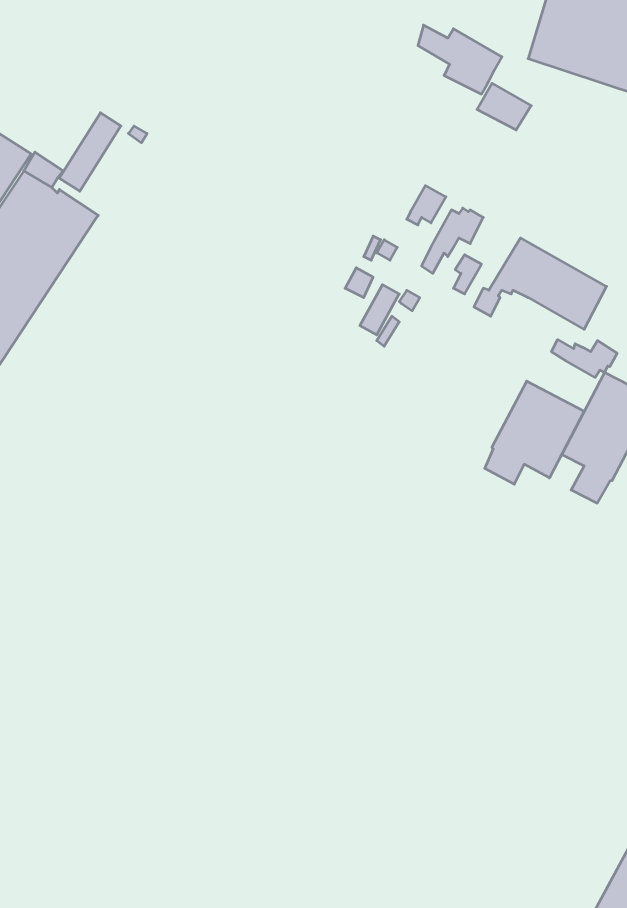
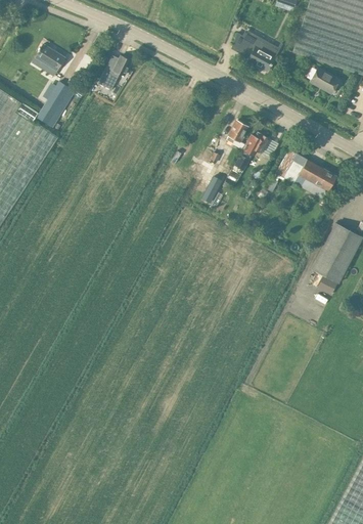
building: none -> [36,44,65,71]
building: none -> [98,55,132,90]
building: [477,83,531,130] -> [310,68,339,93]
building: [552,340,617,377] -> none
building: [485,381,584,484] -> none

